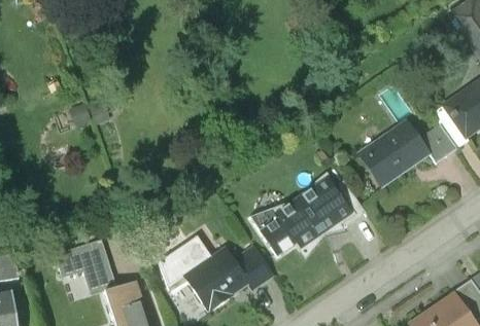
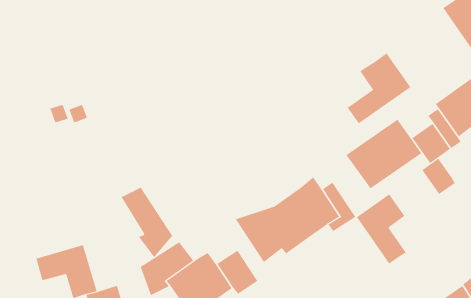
building: none -> [347,52,411,124]
building: none -> [421,158,456,195]
building: none -> [121,187,173,258]
building: none -> [356,194,406,265]

